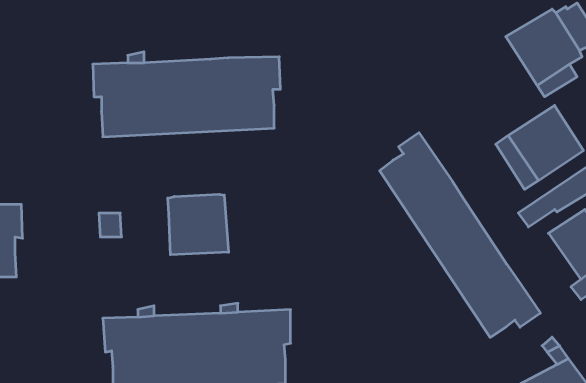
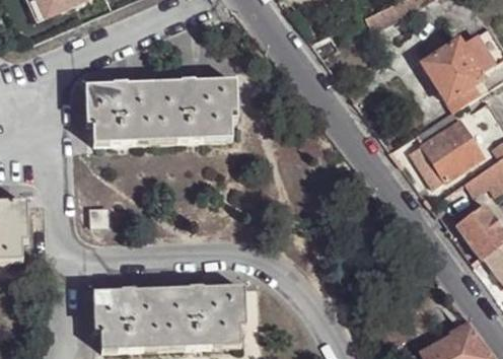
building: [380,133,540,337] -> none
building: [168,194,229,255] -> none

